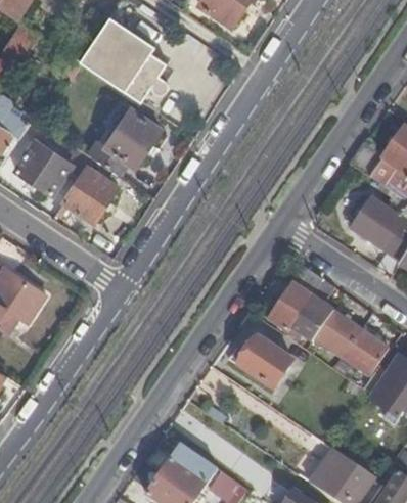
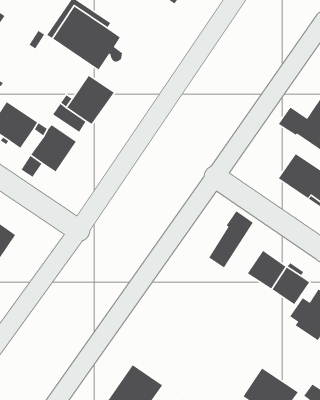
building: [289,280,333,341] -> none
building: [239,337,295,391] -> none

